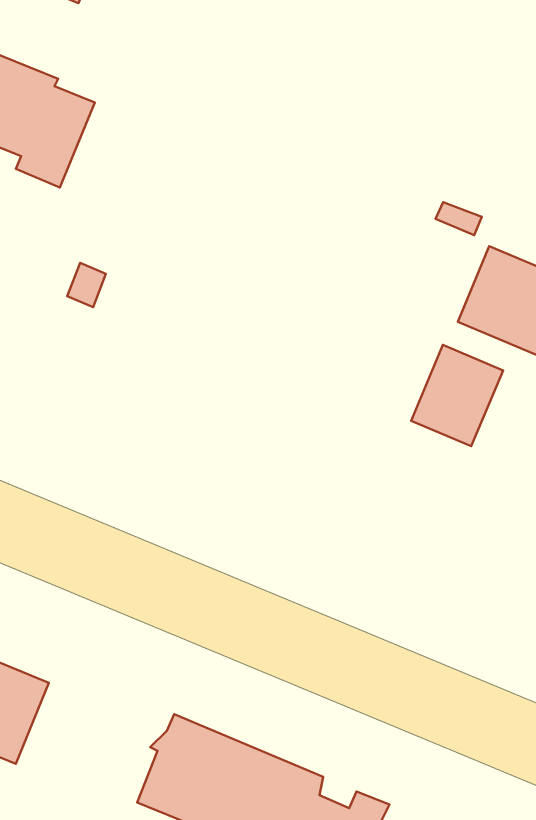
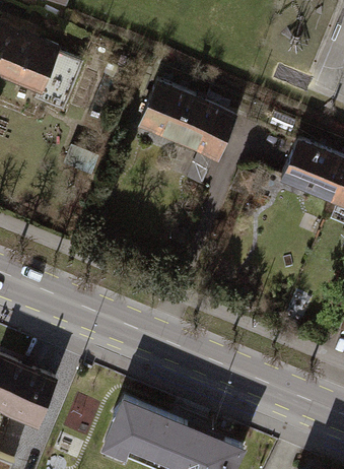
building: none -> [133,76,239,187]
building: [411,345,503,446] -> none

